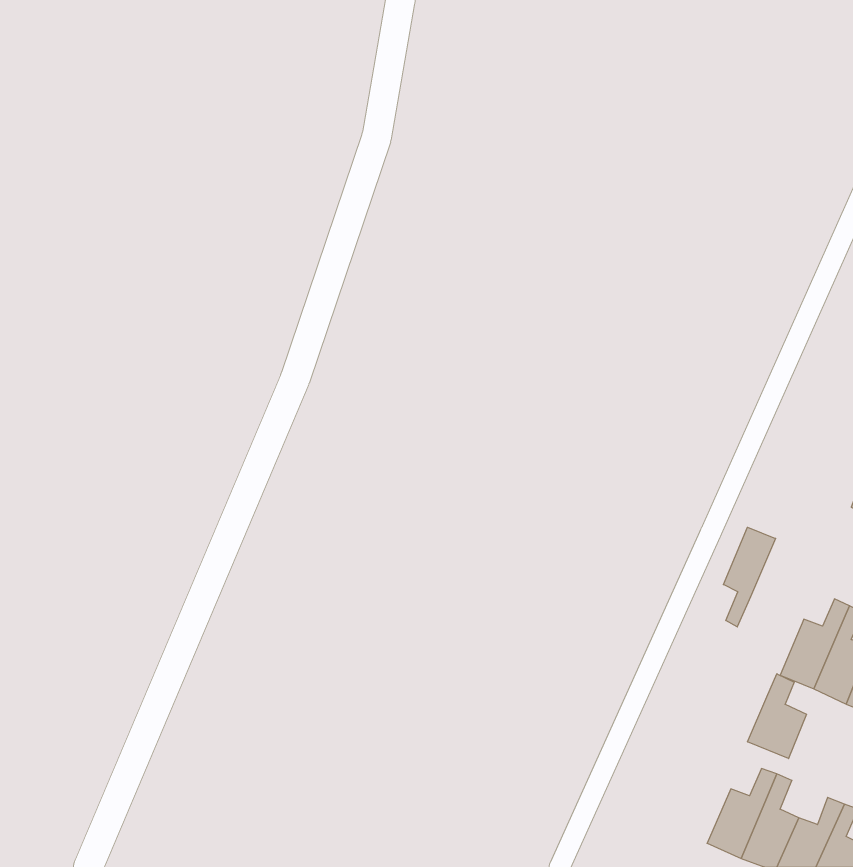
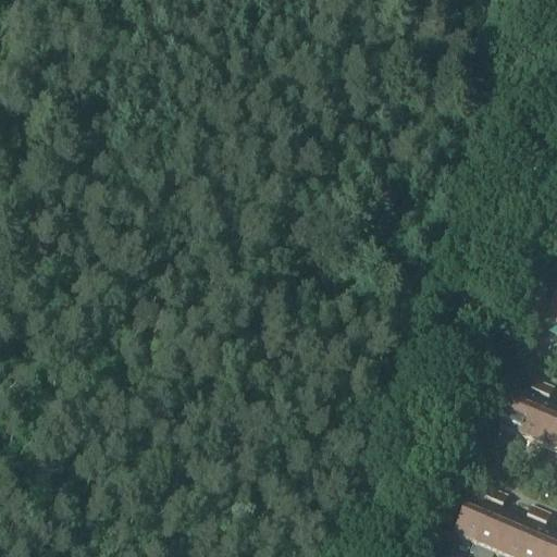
building: [723,527,776,627] -> none
building: [748,674,807,759] -> none

